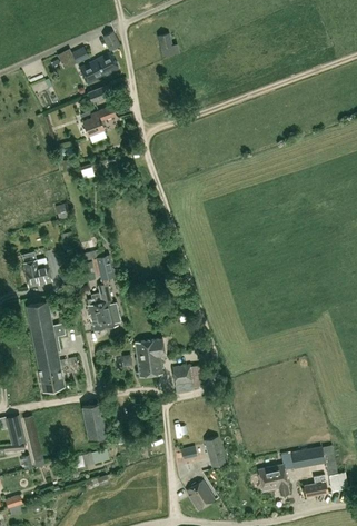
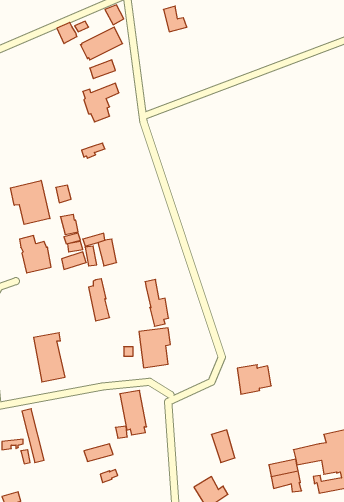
building: none -> [10,180,50,224]
building: [98,285,120,329] -> [145,279,169,326]
building: [26,301,65,348] -> none
building: [172,365,205,393] -> [237,365,271,394]
building: [81,404,107,446] -> [120,390,147,435]

